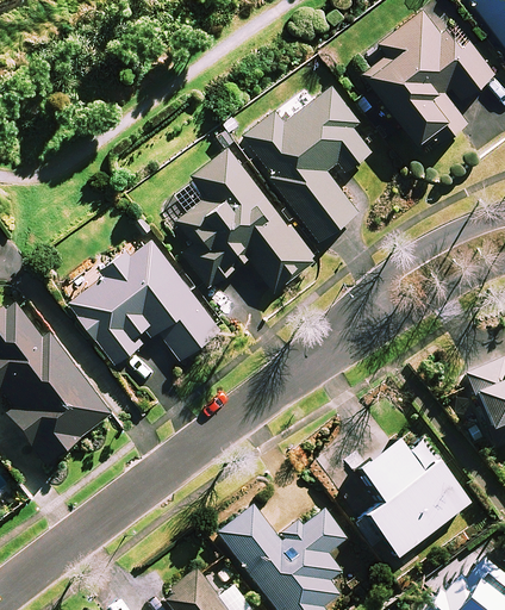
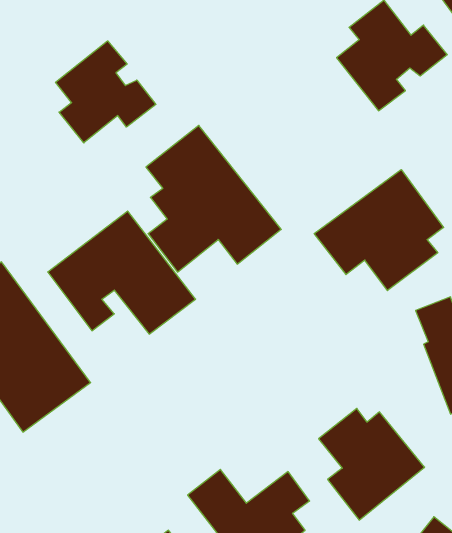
building: none -> [56,41,156,143]
building: [245,88,378,238] -> none
building: none -> [314,170,444,291]

